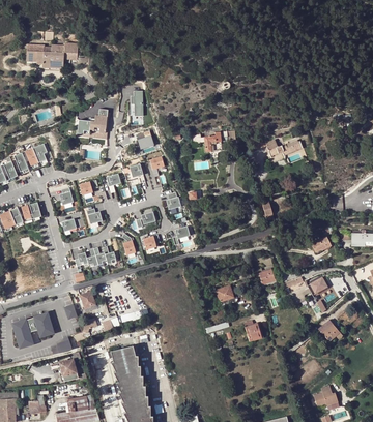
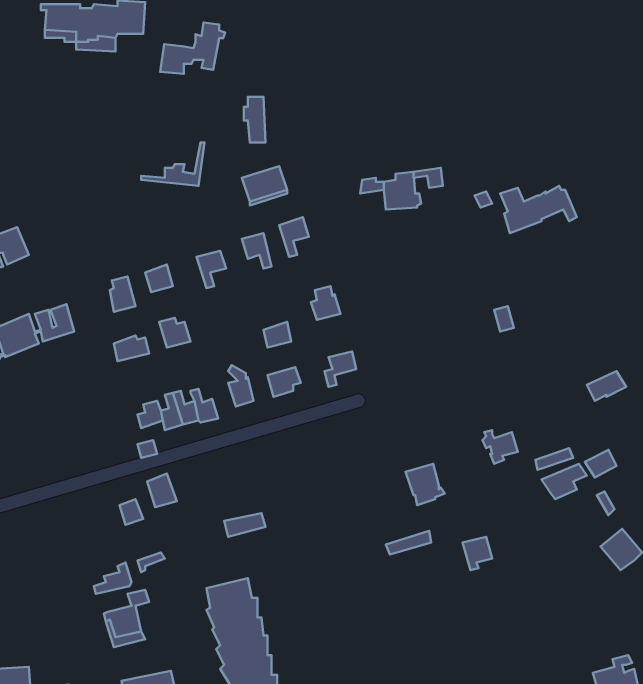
building: [77,109,111,135] -> [160,22,225,74]
building: [13,143,53,172] -> none
building: [11,312,54,350] -> none

